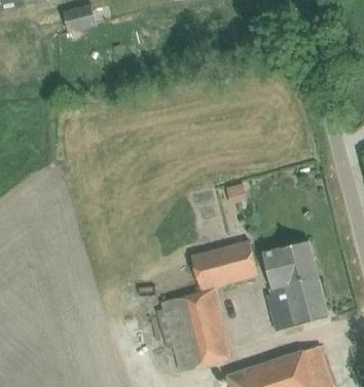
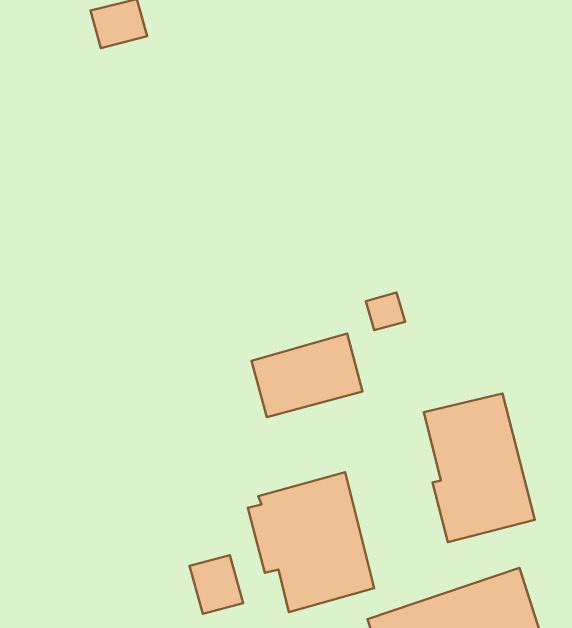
building: [191,239,258,289] -> [252,334,363,417]
building: none -> [190,555,243,614]

